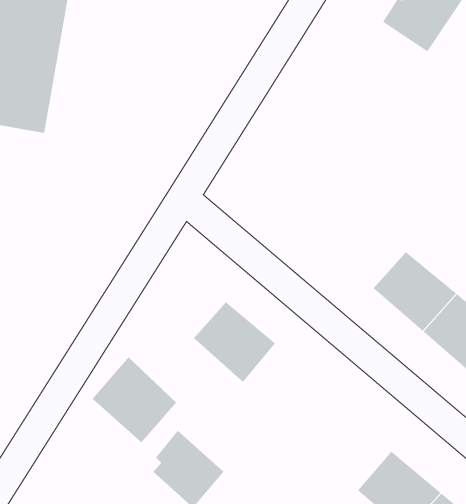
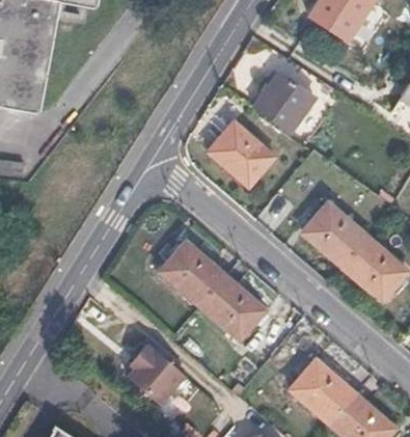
building: none -> [252,73,316,134]
building: none -> [207,120,274,186]
building: none -> [199,275,266,340]
building: [92,357,177,443] -> none

